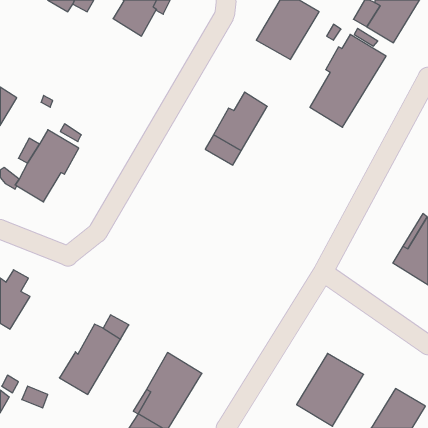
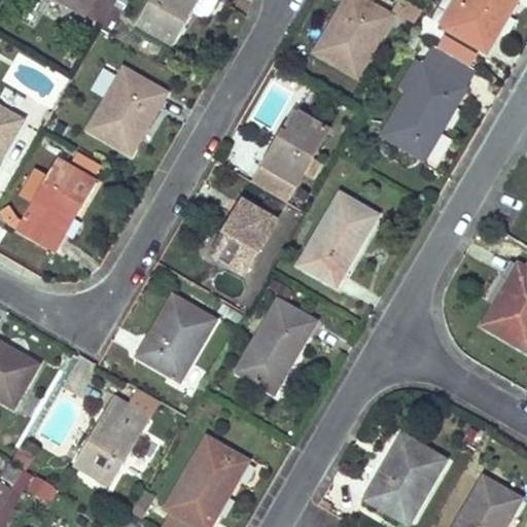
building: none -> [90,68,166,153]
building: none -> [297,190,376,283]
building: none -> [215,201,275,274]
building: none -> [236,296,317,391]
building: none -> [138,297,212,380]

